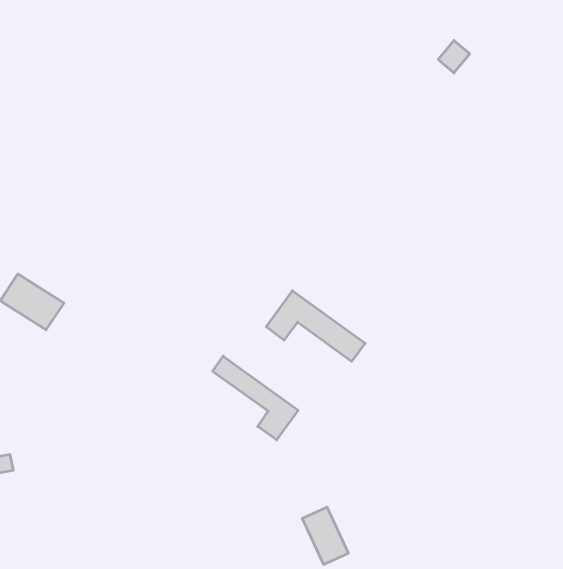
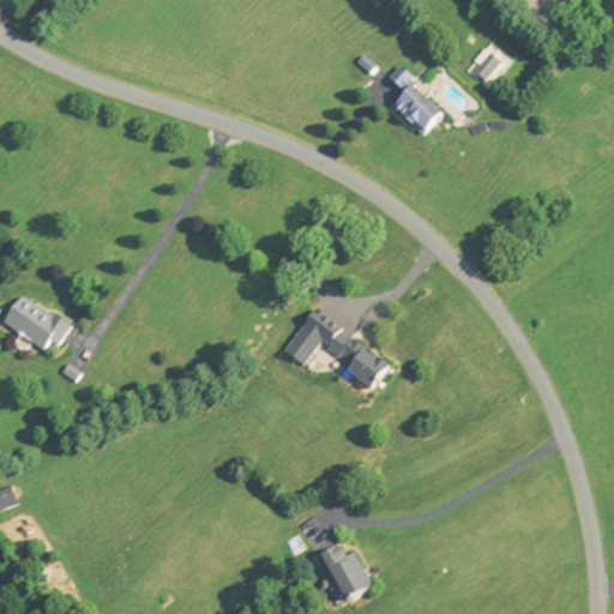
building: none -> [389,64,440,136]
building: [213,356,298,440] -> none

